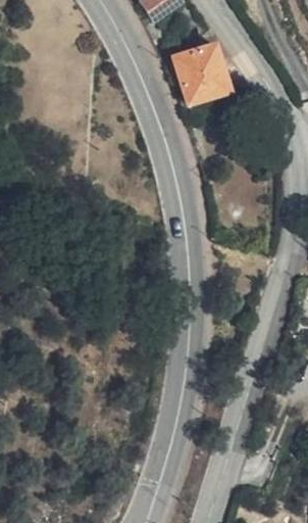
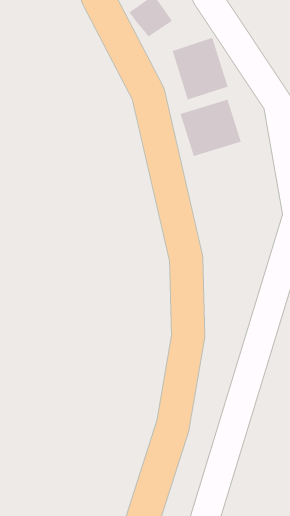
building: none -> [180,99,241,157]

